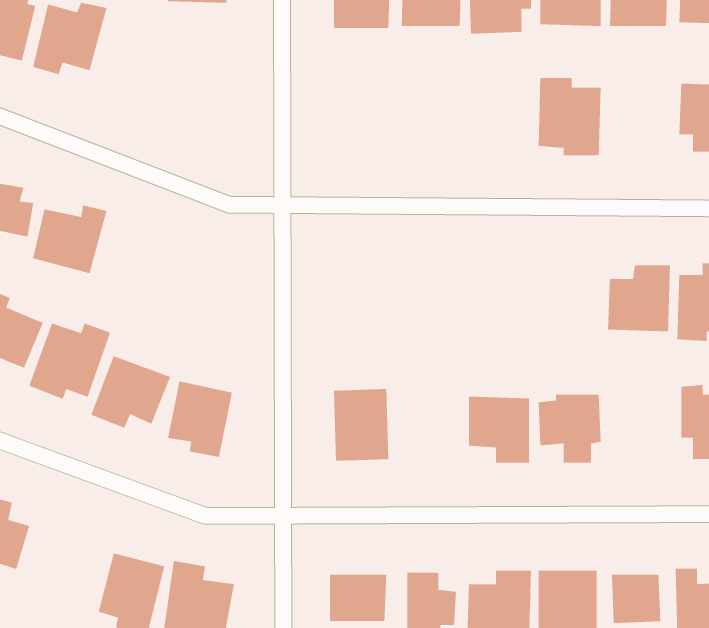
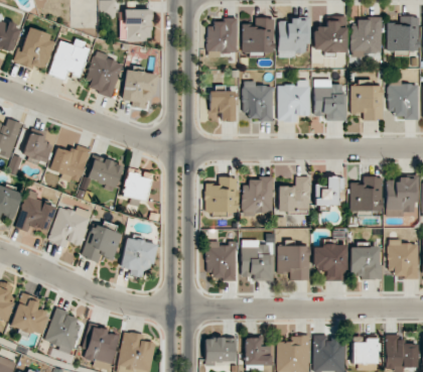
building: none -> [88,50,122,97]
building: none -> [122,70,155,109]
building: none -> [278,80,311,122]
building: none -> [243,81,273,120]
building: none -> [351,85,384,120]
building: none -> [209,89,236,121]
building: none -> [87,159,123,188]
building: none -> [124,168,152,201]
building: none -> [279,176,311,213]
building: none -> [316,176,344,205]
building: none -> [205,177,238,212]
building: none -> [243,179,274,216]
building: none -> [242,240,273,280]
building: none -> [350,247,383,280]
building: none -> [47,309,80,354]

